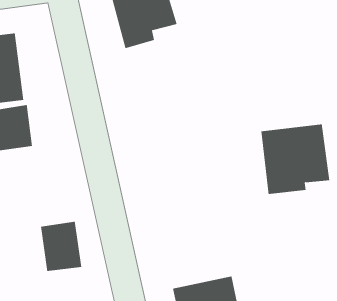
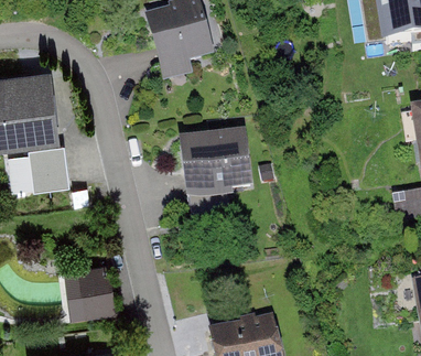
building: [260,124,330,194] -> [182,127,253,199]

